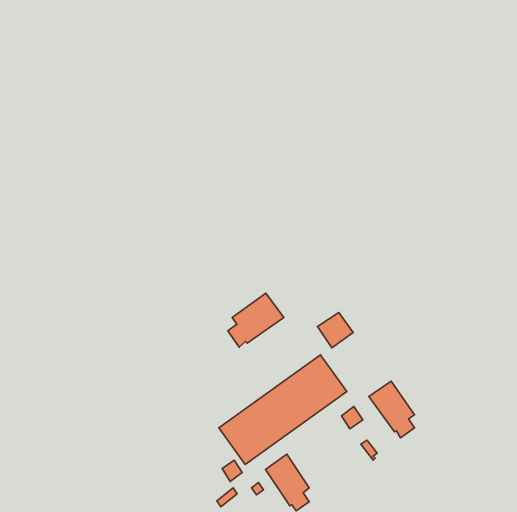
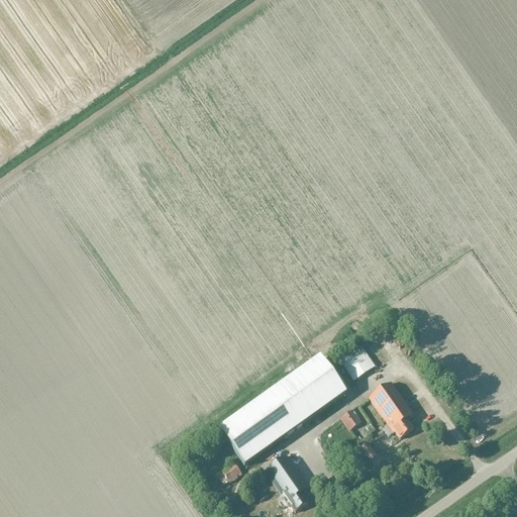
building: [228,293,284,347] -> none
building: [318,312,353,348] -> [338,342,374,378]

